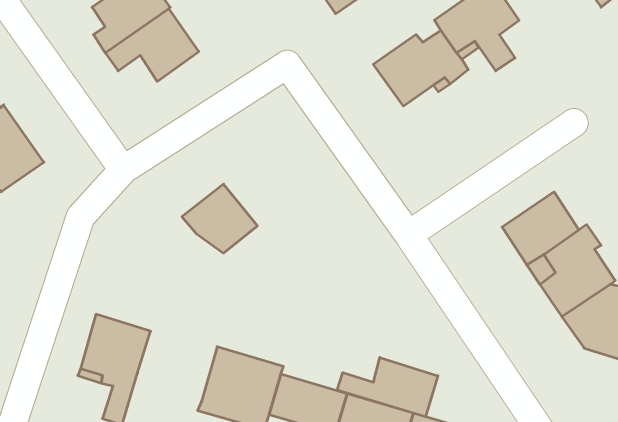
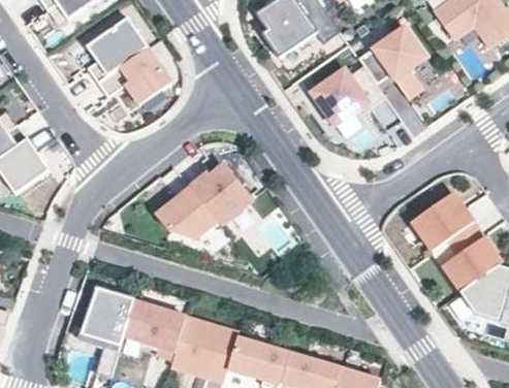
building: none -> [191,164,252,224]
building: none -> [123,299,186,358]
building: [337,357,438,417] -> none

